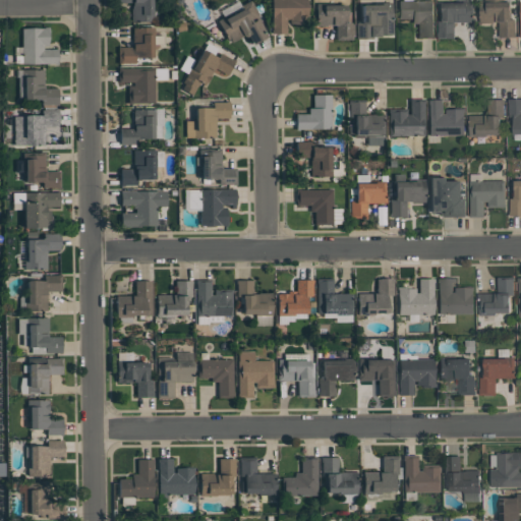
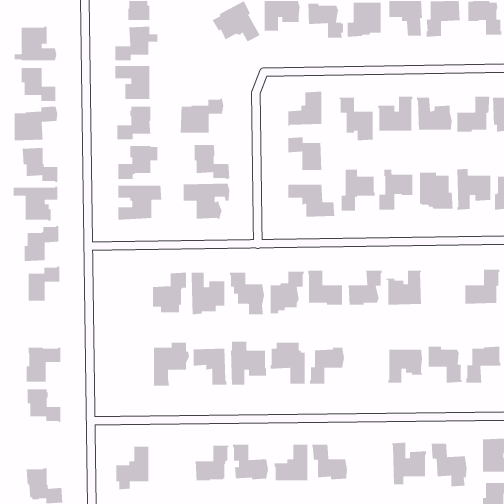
building: [180,44,236,96] -> none
building: [438,279,475,314] -> none
building: [118,282,153,324] -> none
building: [18,319,63,355] -> none
building: [359,358,397,396] -> none
building: [118,361,155,398] -> none
building: [28,441,66,477] -> none
building: [365,457,400,495] -> none
building: [160,459,195,503] -> none

